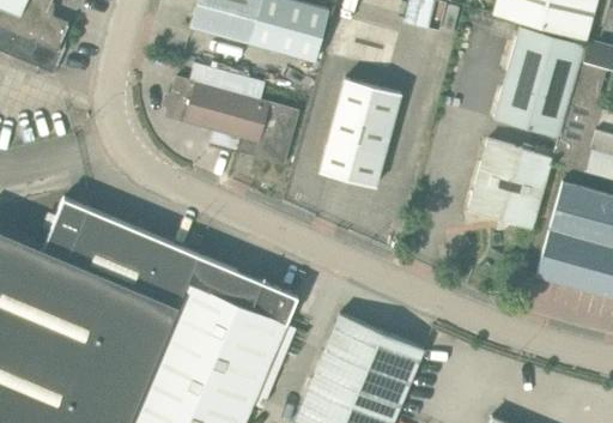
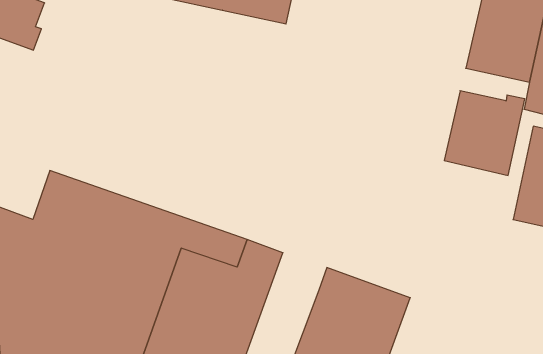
building: [164,64,298,164] -> none
building: [321,79,401,187] -> none

